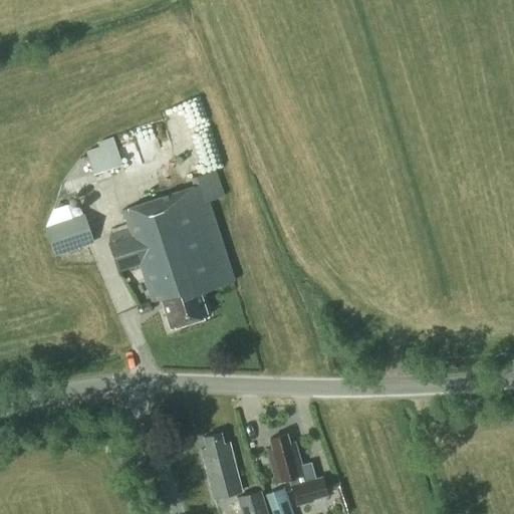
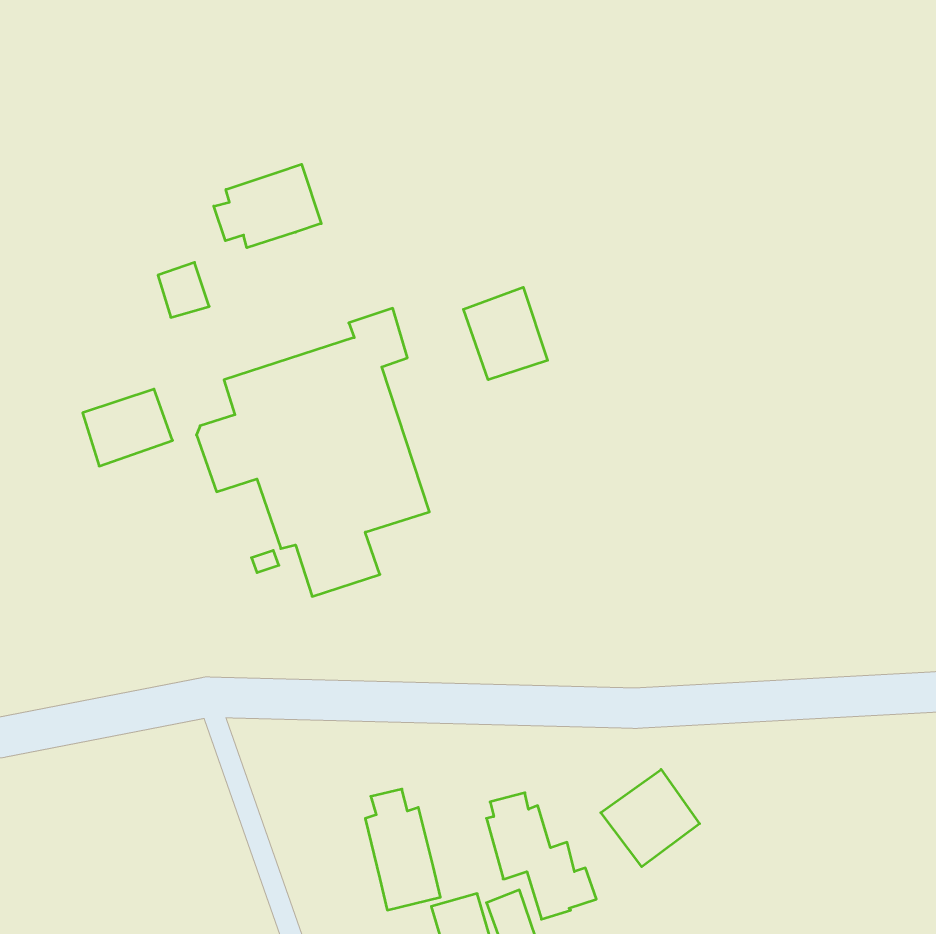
building: none -> [214,164,321,248]
building: none -> [463,287,548,380]
building: none -> [601,769,700,867]

